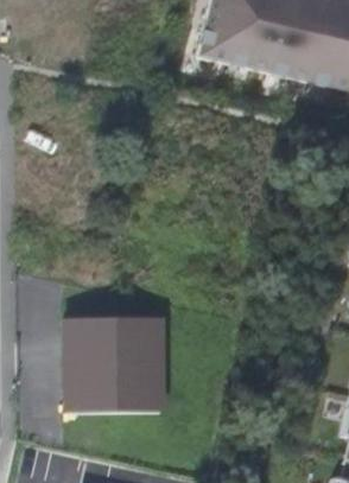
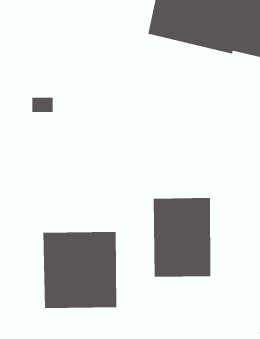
building: none -> [153,197,211,277]

